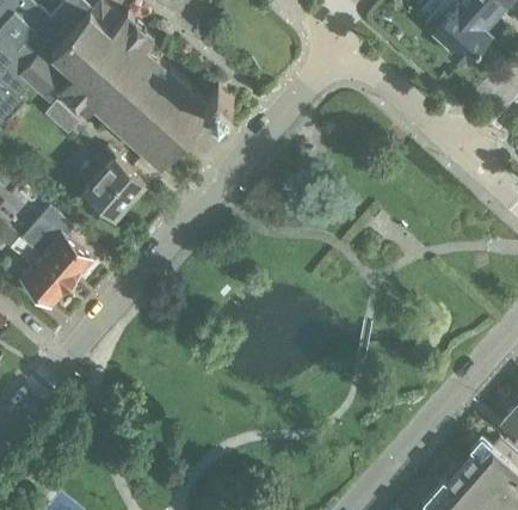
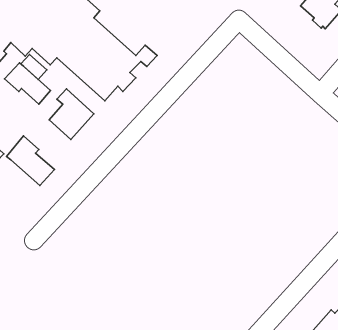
building: none -> [4,63,51,104]
building: [19,247,69,307] -> none

